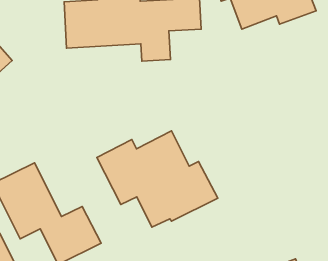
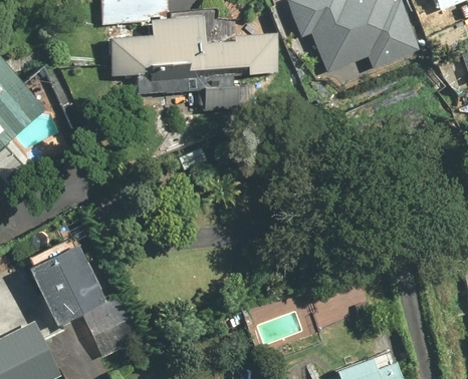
building: [97,131,218,227] -> none

